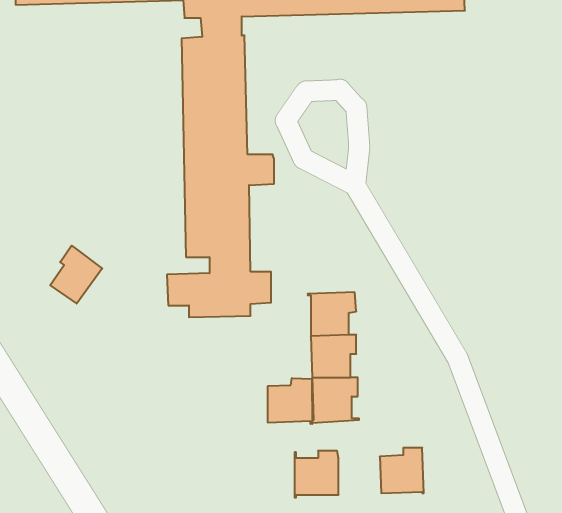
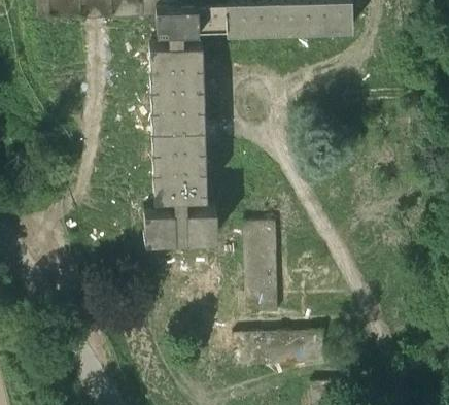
building: [50,246,102,304] -> none
building: [268,378,312,424] -> none
building: none -> [264,333,293,365]

